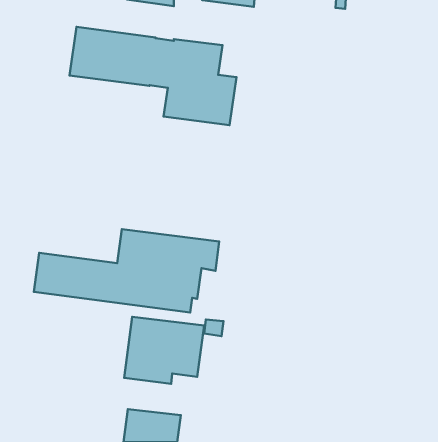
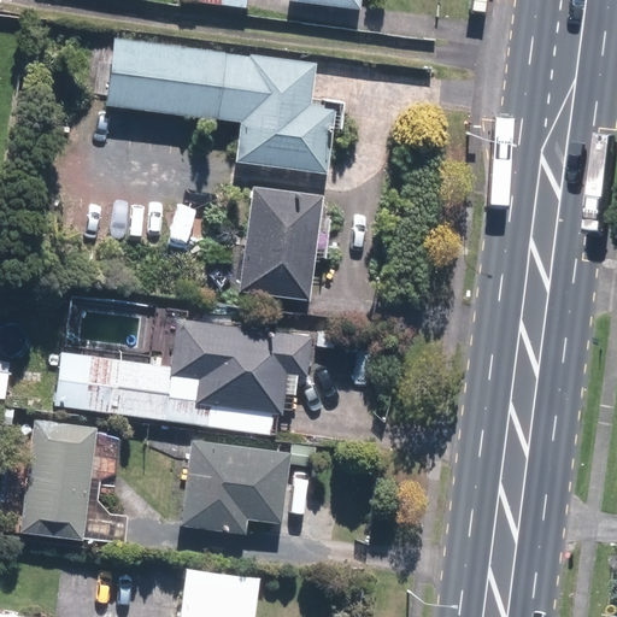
building: none -> [240,186,323,299]
building: none -> [20,418,98,539]

